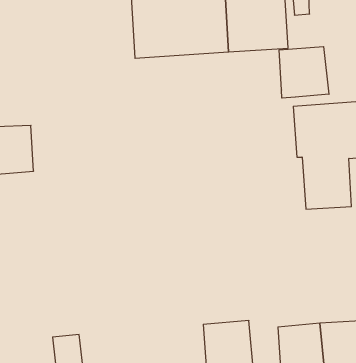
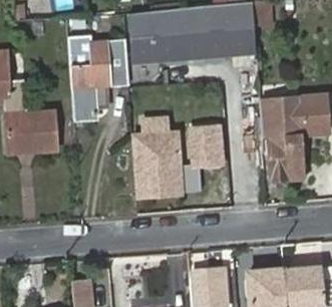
building: none -> [69,42,128,122]
building: [279,47,329,98] -> none
building: none -> [134,125,218,194]

